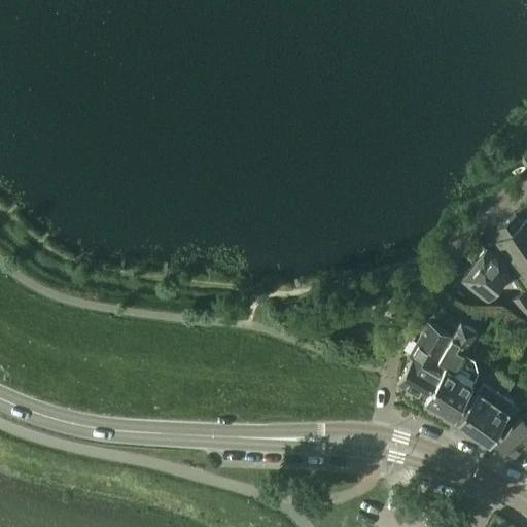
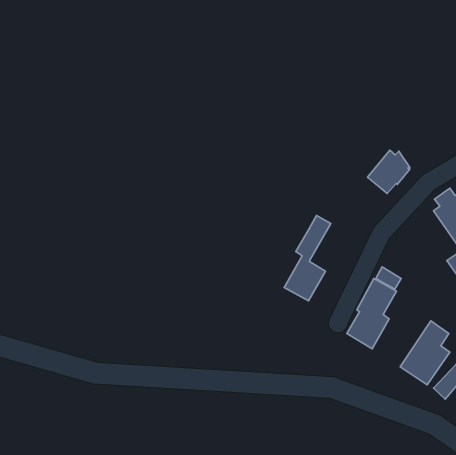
building: [464,253,513,303] -> [367,150,410,194]
building: [429,324,483,422] -> [284,215,331,301]

